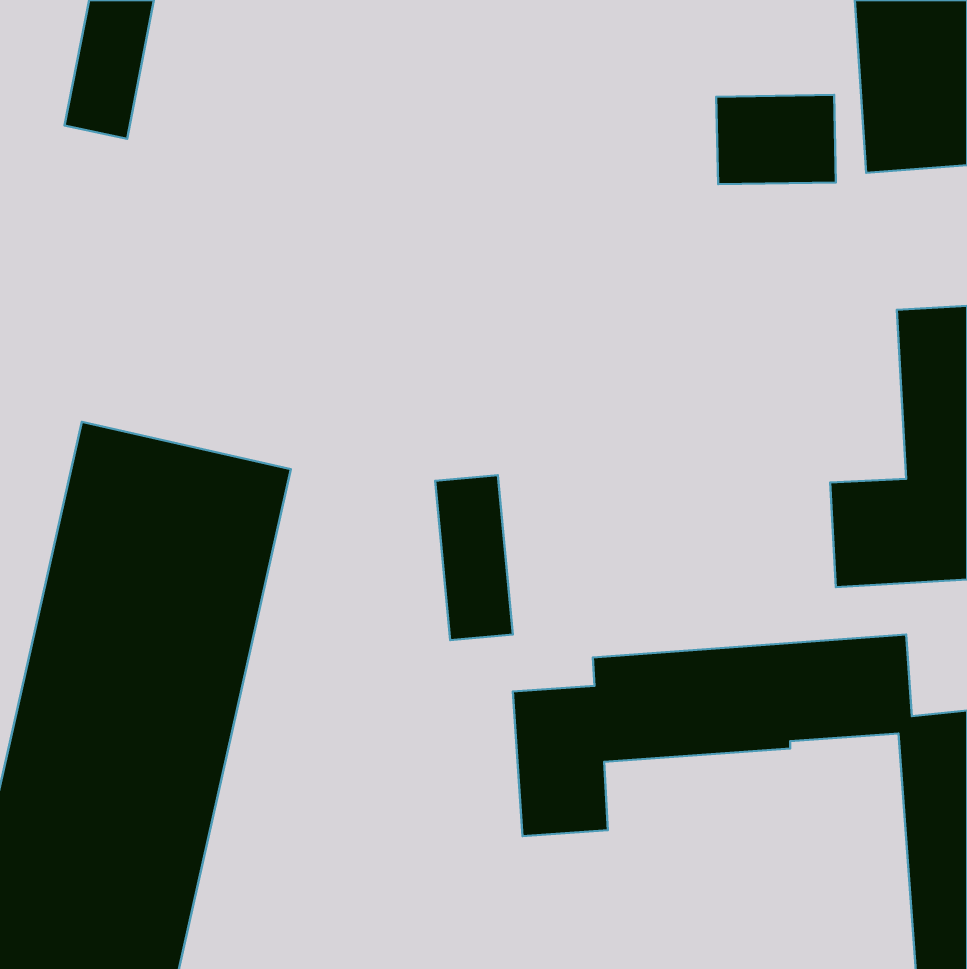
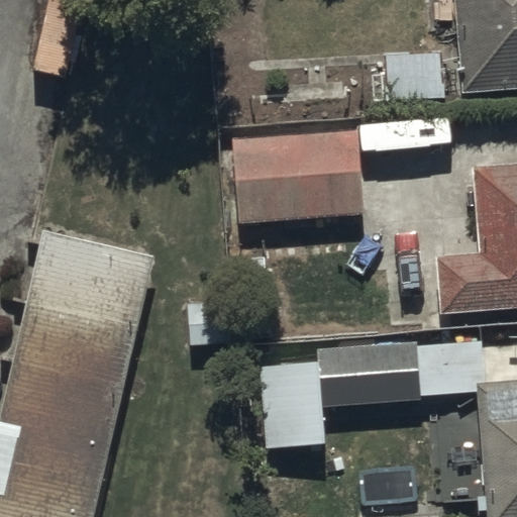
building: none -> [233,130,364,221]

